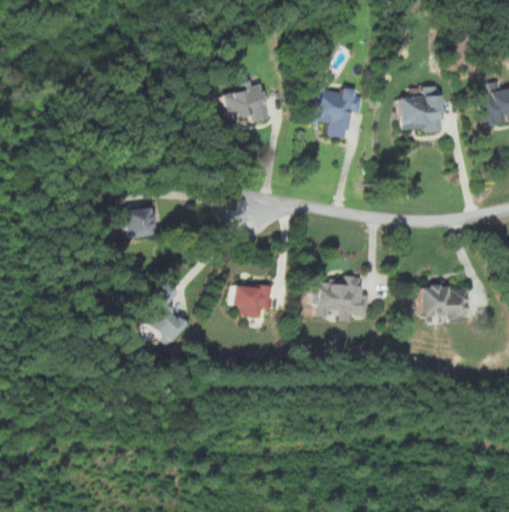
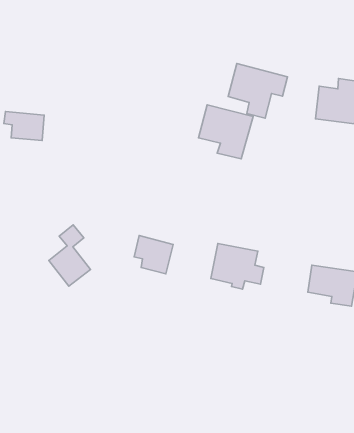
building: [221,83,268,124] -> none
building: none -> [199,105,253,159]
building: [113,208,156,237] -> [4,111,44,141]

